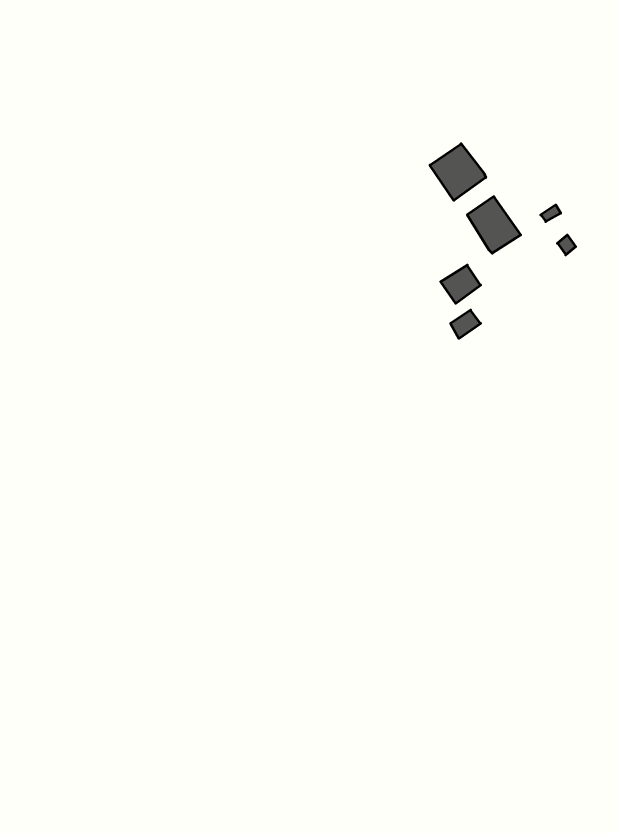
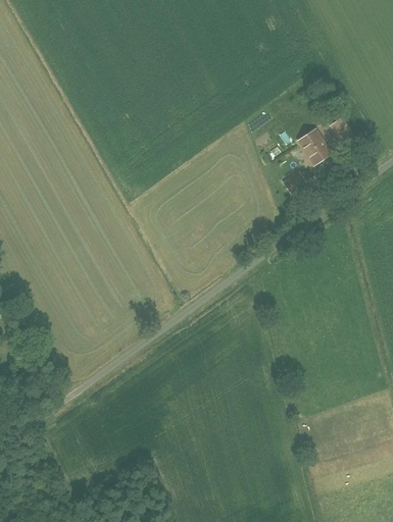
building: [430,144,486,200] -> none

